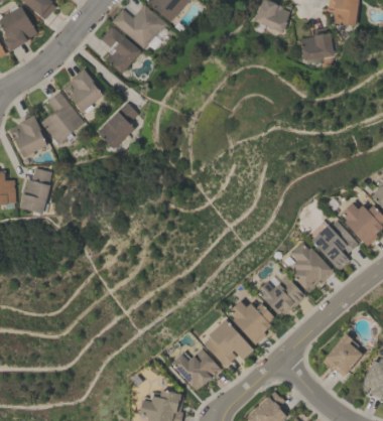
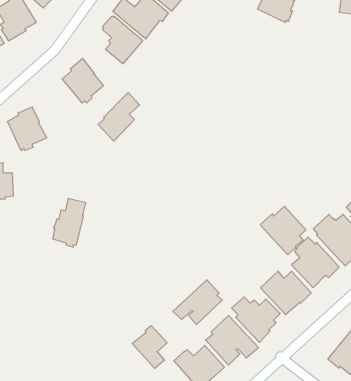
building: [300,32,334,59] -> none
building: [40,91,84,144] -> none
building: [19,167,51,215] -> [53,199,86,247]
building: none -> [260,206,306,255]
building: none -> [173,280,222,325]
building: none -> [132,326,167,368]

